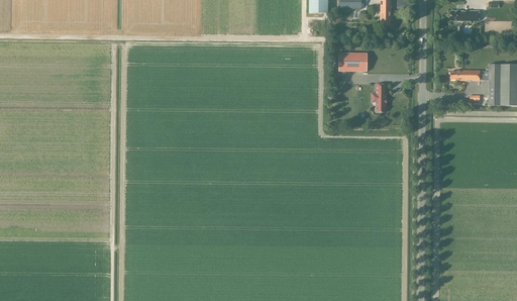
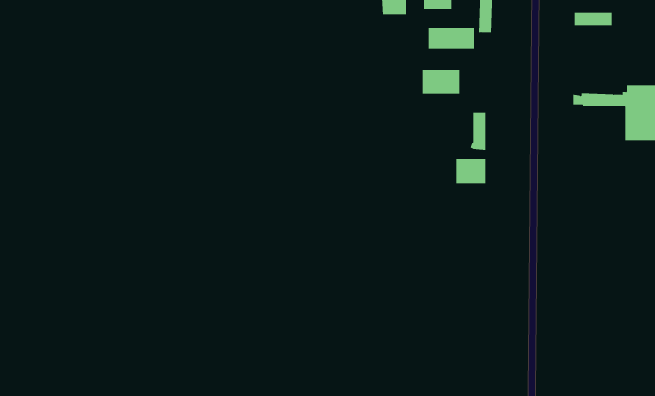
building: none -> [428,27,474,50]
building: none -> [456,158,486,184]

